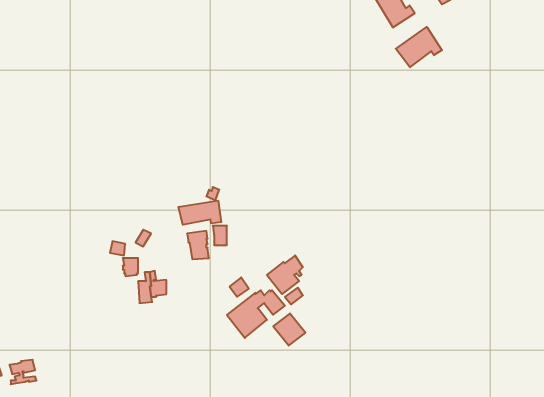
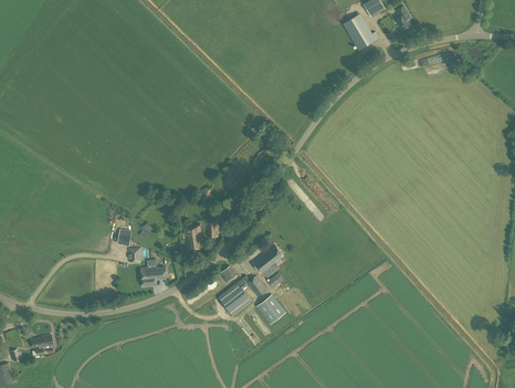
building: [396,27,442,67] -> none
building: [178,201,221,225] -> none

